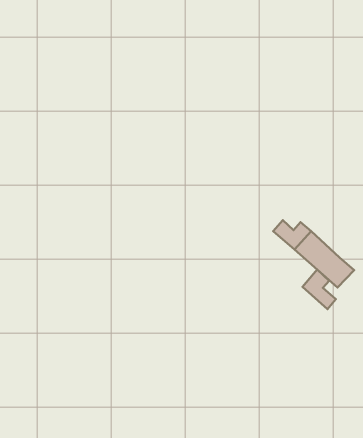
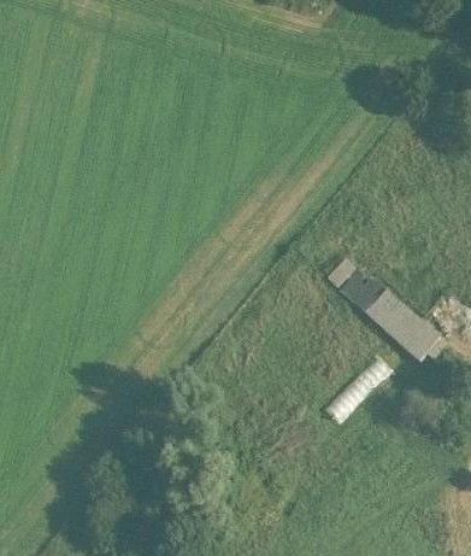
building: [302,269,336,309] -> none

